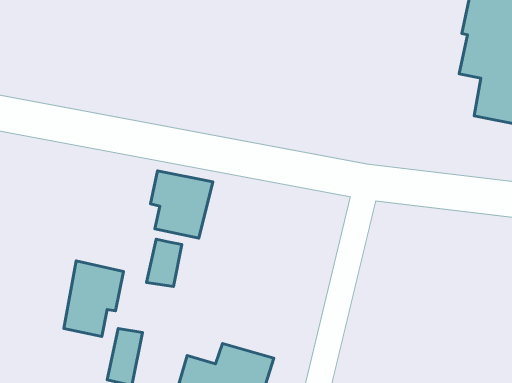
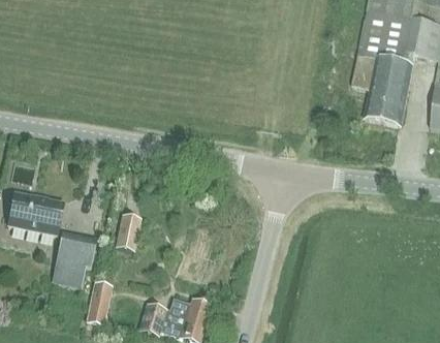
building: [150,171,213,238] -> none
building: none -> [7,192,63,235]

